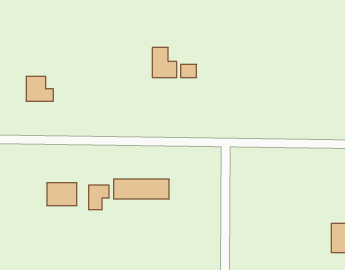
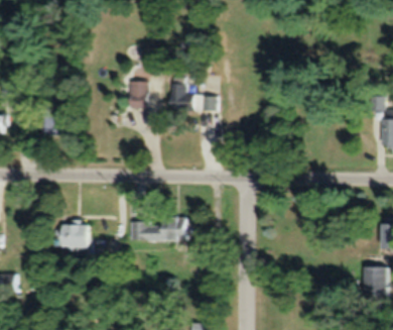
building: none -> [129,81,150,108]
building: [89,185,109,210] -> none

